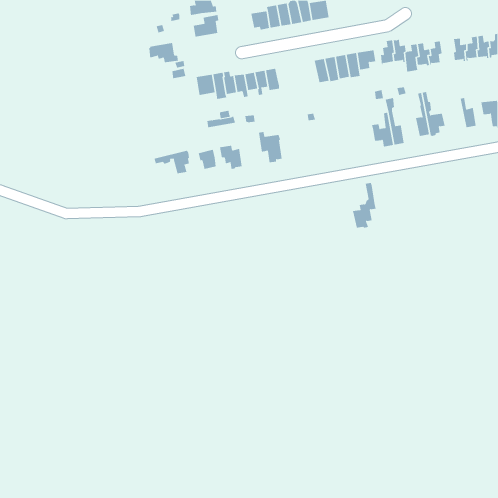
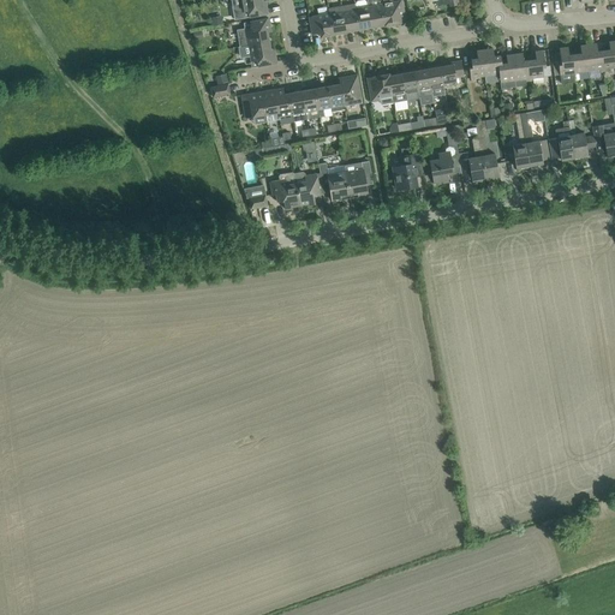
building: [149,42,179,63] -> [239,41,276,66]
building: none -> [339,74,363,106]
building: none -> [366,74,393,105]
building: none -> [548,121,574,160]
building: none -> [393,147,423,190]
building: none -> [345,161,372,197]
building: none -> [294,172,320,205]
building: [154,150,190,174] -> none
building: [352,182,377,228] -> [429,126,459,183]

